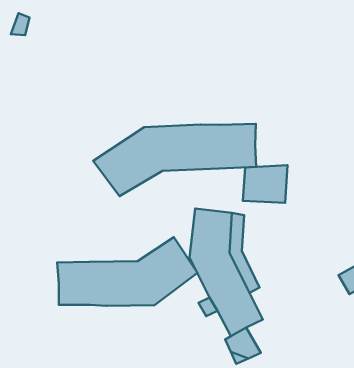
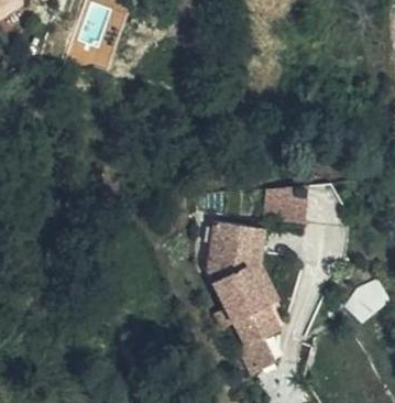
building: [93,124,256,196] -> none
building: [57,237,197,306] -> none

